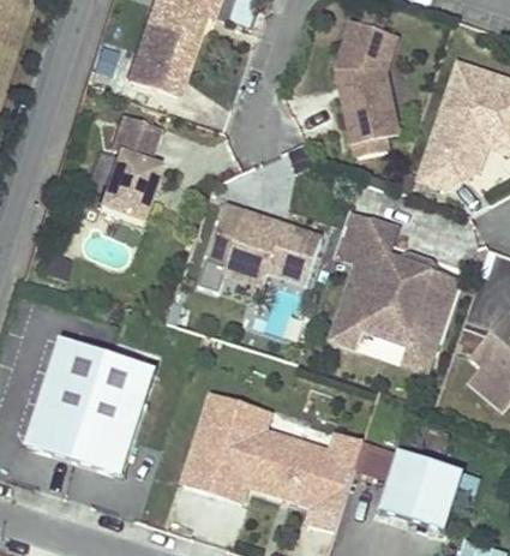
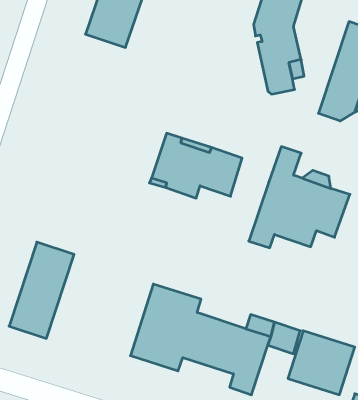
building: [100,114,160,221] -> none
building: [332,210,371,263] -> none
building: [356,324,438,370] -> none
building: [76,354,157,476] -> none

